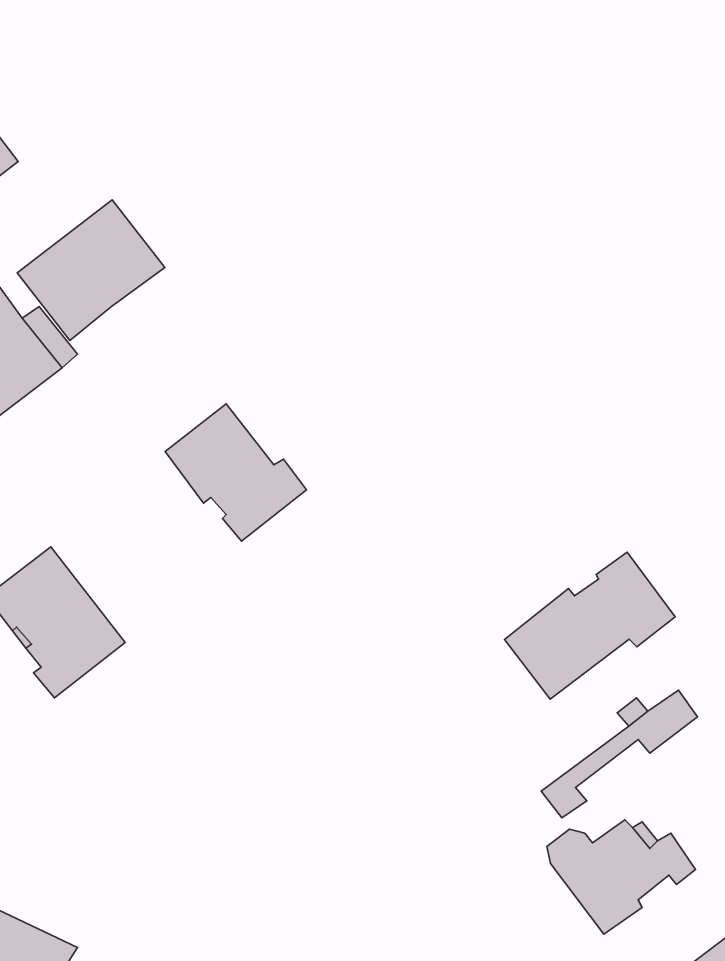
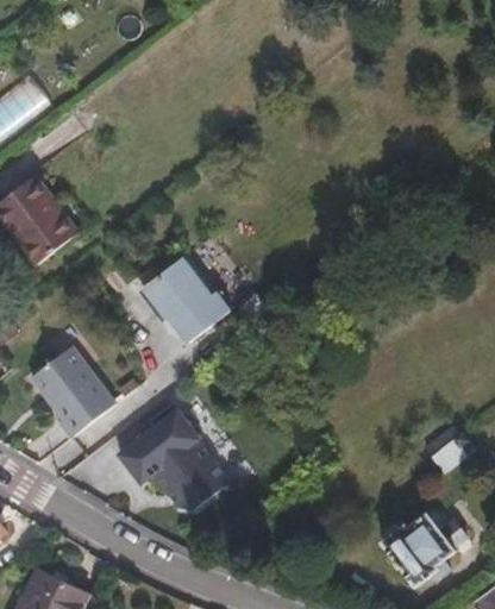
building: [17,200,165,341] -> none
building: [504,552,675,699] -> none
building: none -> [120,409,231,509]

